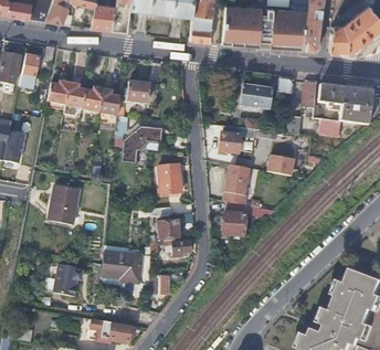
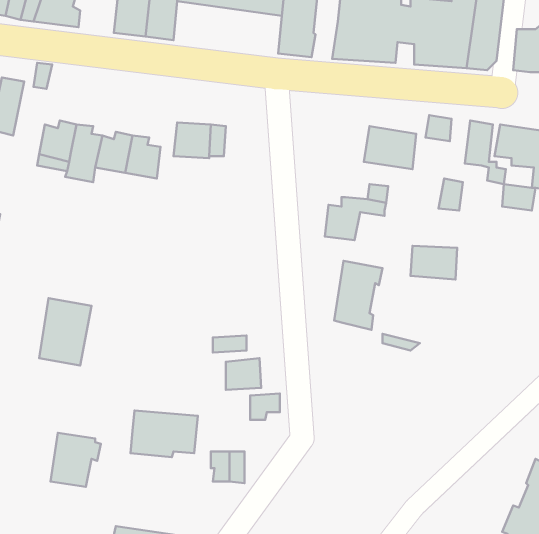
building: [122,127,161,162] -> none
building: [159,165,181,194] -> none
building: [222,200,245,234] -> none

